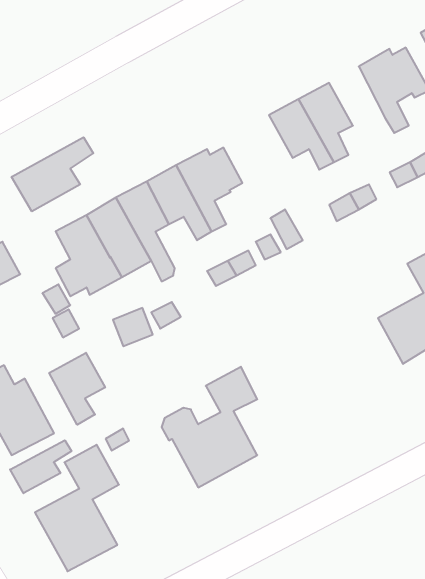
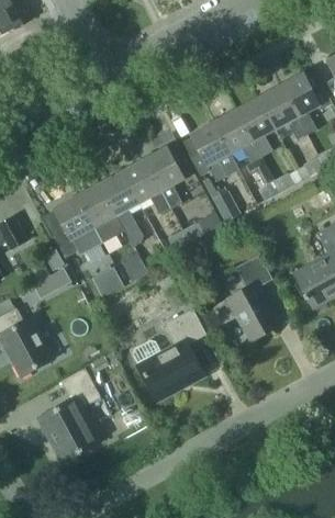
building: none -> [257,86,305,140]
building: none -> [181,122,230,182]
building: [12,137,93,211] -> none
building: none -> [211,255,279,340]
building: [49,353,105,425] -> none
building: [10,440,71,493] -> none

